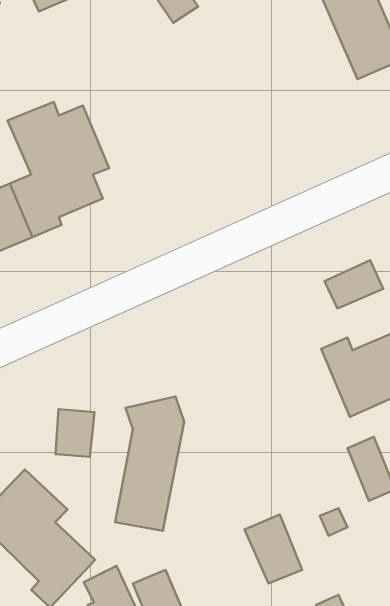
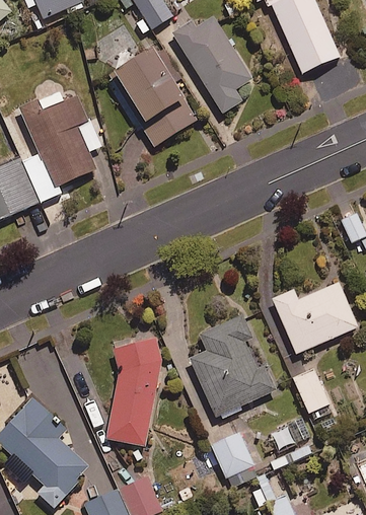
building: none -> [173,21,250,119]
building: none -> [111,56,195,151]
building: [325,260,383,309] -> none
building: none -> [189,313,276,419]
building: [56,409,94,457] -> none

